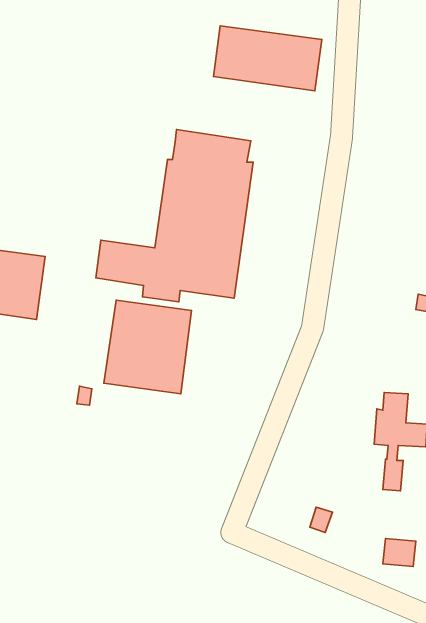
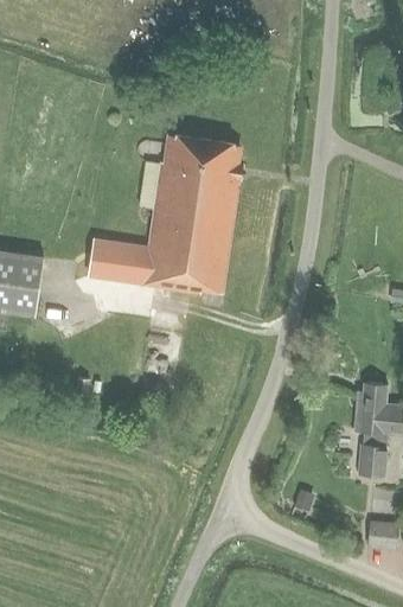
building: [213,26,322,91] -> none
building: [104,300,191,394] -> none

